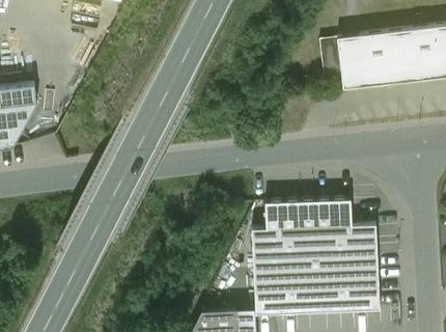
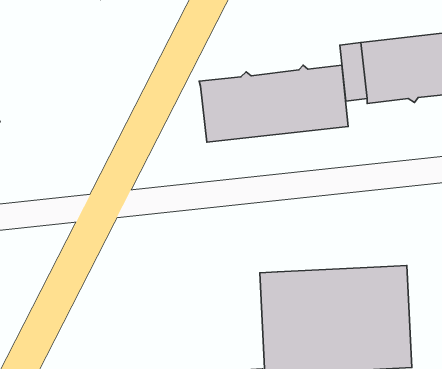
building: none -> [199,65,348,142]
building: [267,198,355,228] -> none

